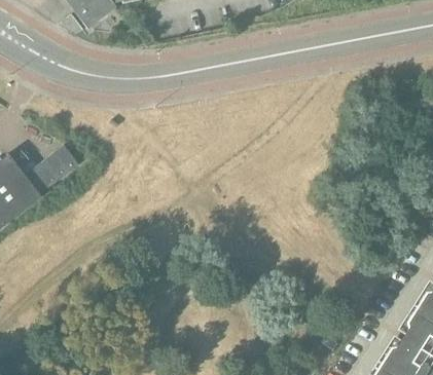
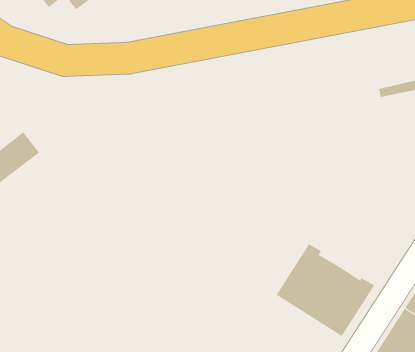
building: none -> [276,243,375,337]

